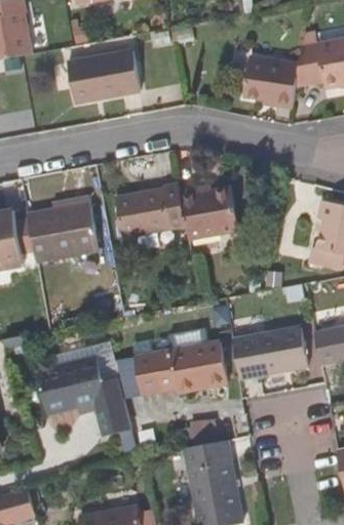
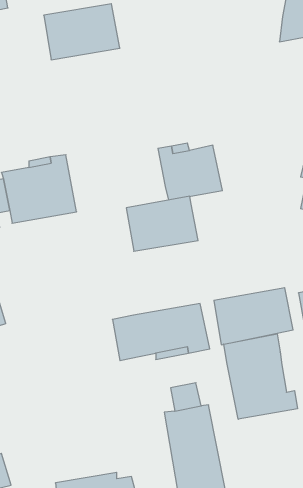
building: [243,55,299,109] -> none
building: [115,184,185,237] -> [126,196,198,251]
building: [35,355,130,435] -> none
building: none -> [224,334,297,419]

